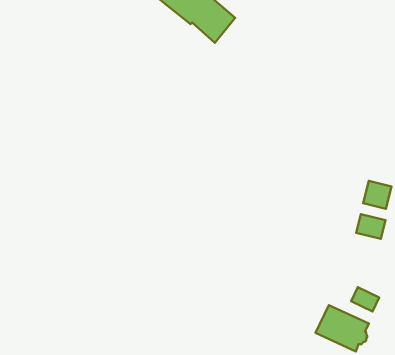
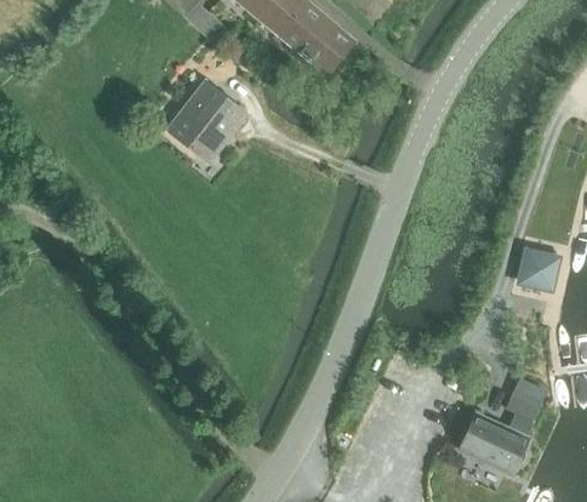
building: none -> [165,78,247,162]
building: [356,214,385,239] -> none

